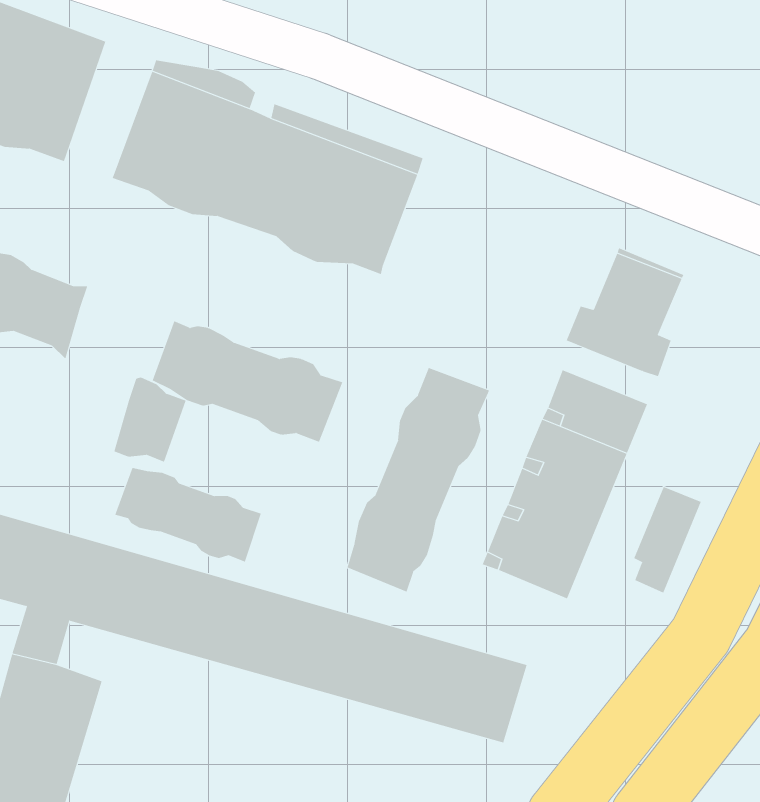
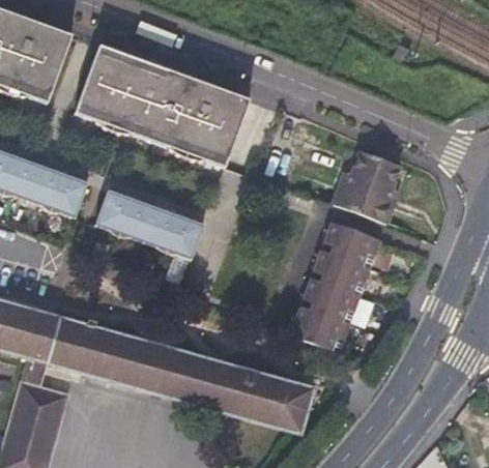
building: [347,367,490,592] -> none
building: [114,377,186,462] -> [49,171,90,220]
building: [115,467,261,562] -> none
building: [634,486,702,594] -> none

